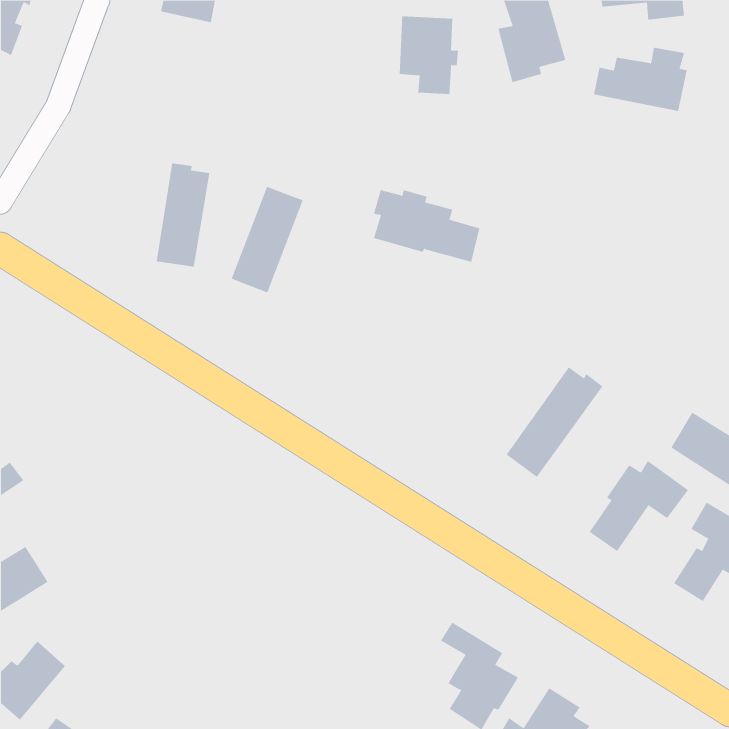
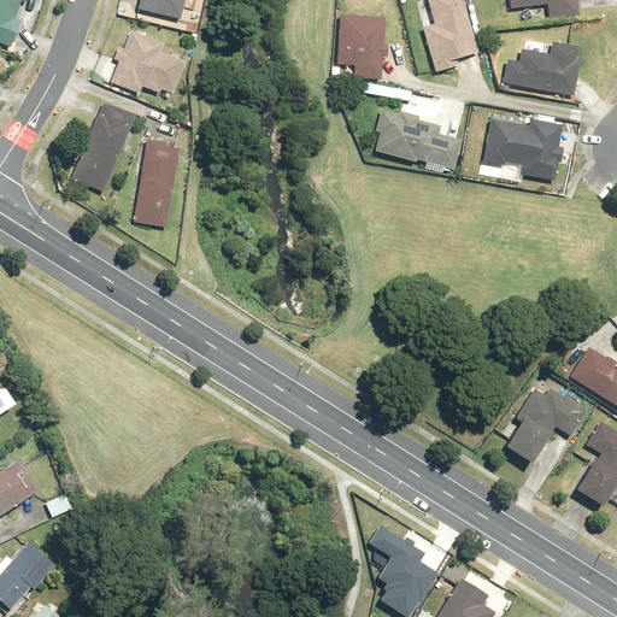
building: none -> [111,30,184,93]
building: none -> [482,118,562,181]
building: [231,186,304,293] -> [71,101,133,192]
building: [373,189,480,262] -> [372,107,463,169]
building: [506,367,603,478] -> none

